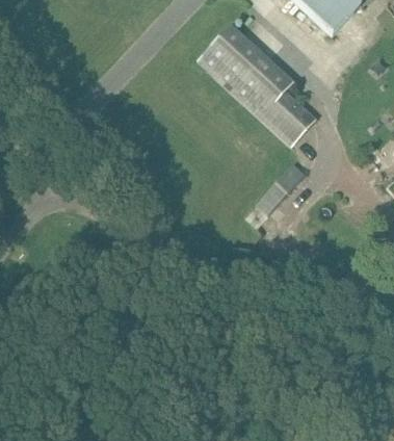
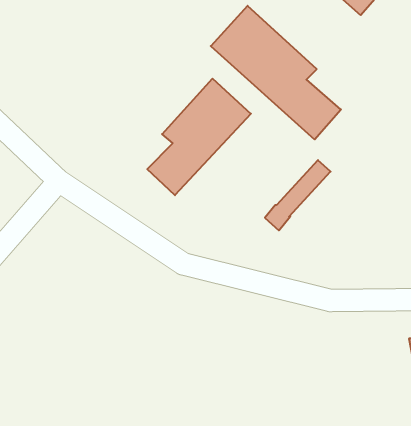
building: none -> [147,79,251,195]

